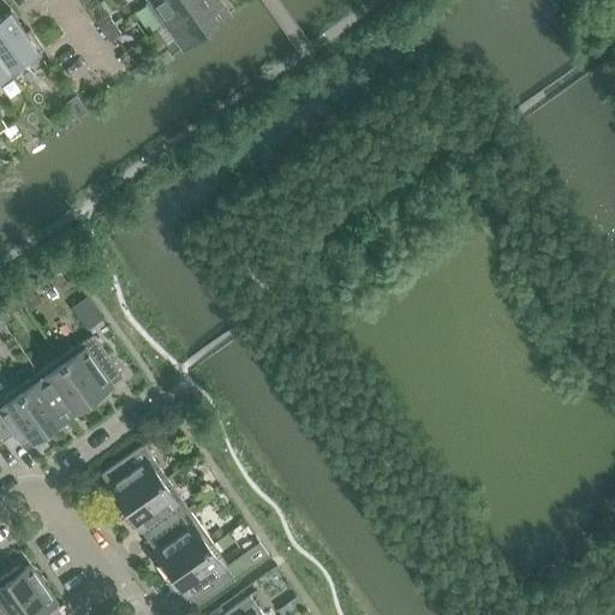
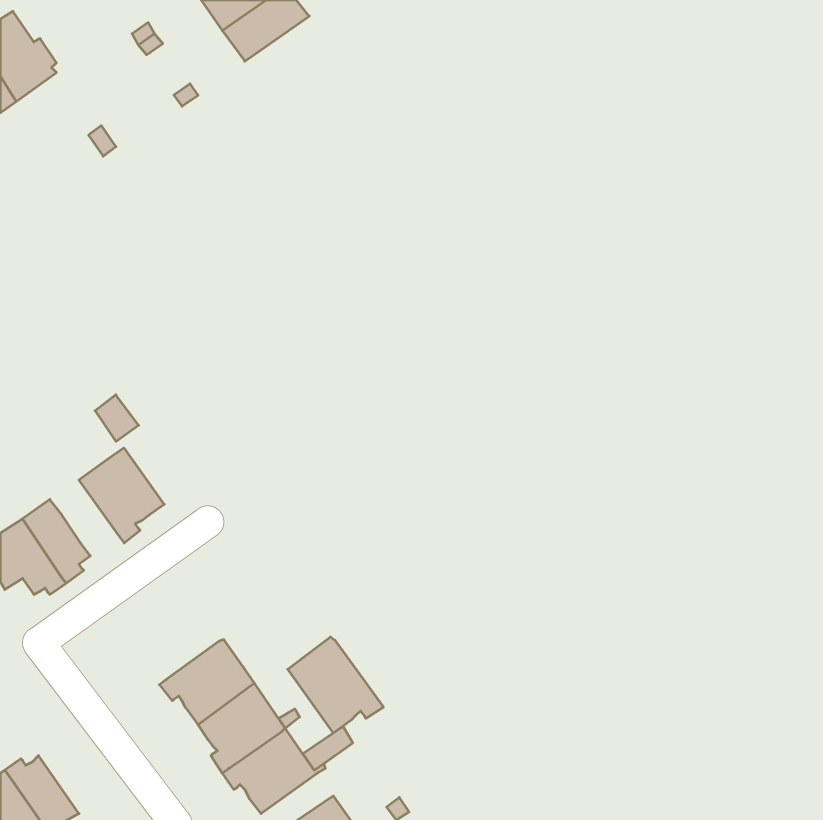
building: [37,360,92,417] -> none
building: [101,446,167,513] -> none
building: none -> [288,637,383,733]

